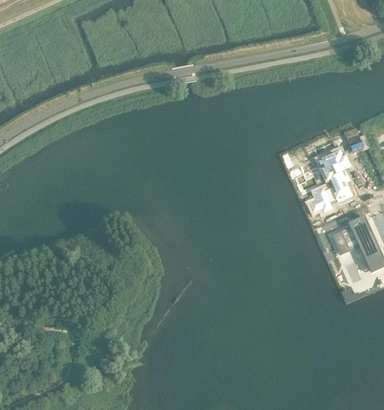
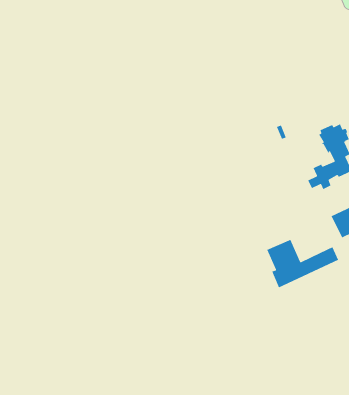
building: none -> [266,239,339,289]

